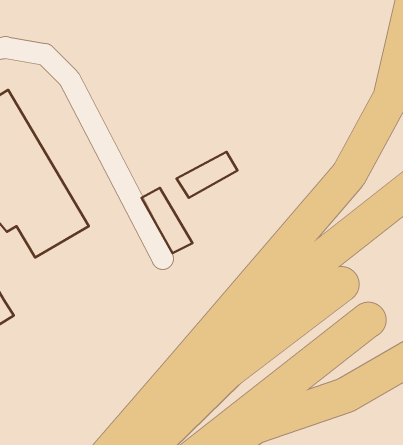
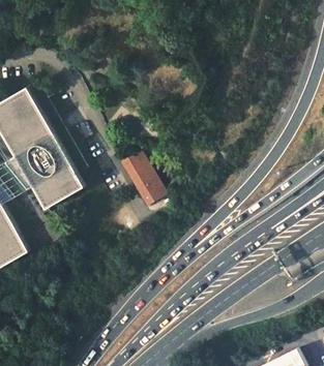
building: [177,152,237,198] -> none

